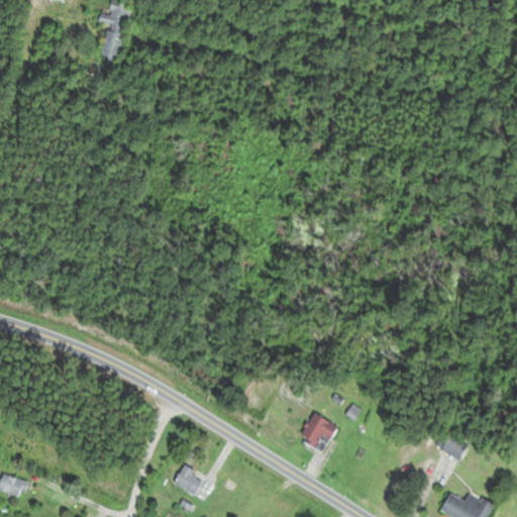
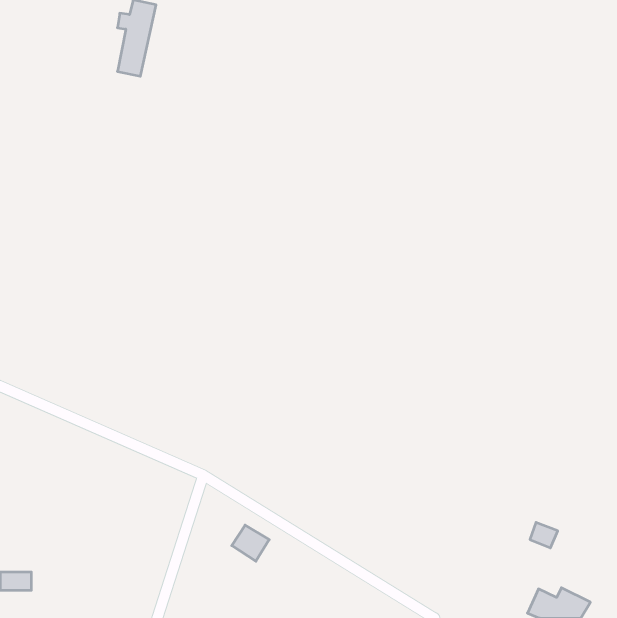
building: [299,413,336,452] -> none
building: [173,466,204,496] -> [232,525,269,561]

